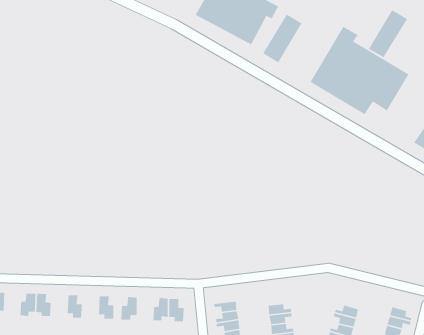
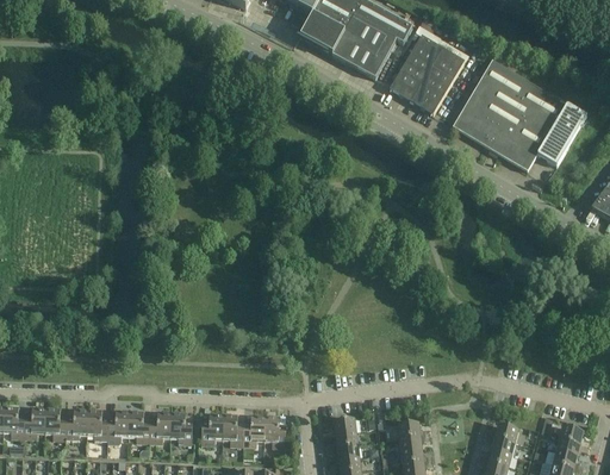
building: [368,9,408,58] -> [411,48,465,113]
building: none -> [45,406,67,438]
building: none -> [107,408,130,443]
building: none -> [149,411,172,442]
building: none -> [223,413,244,445]

